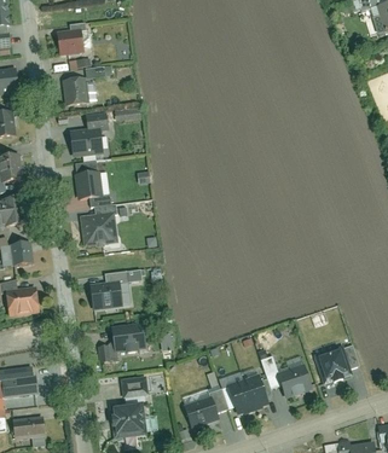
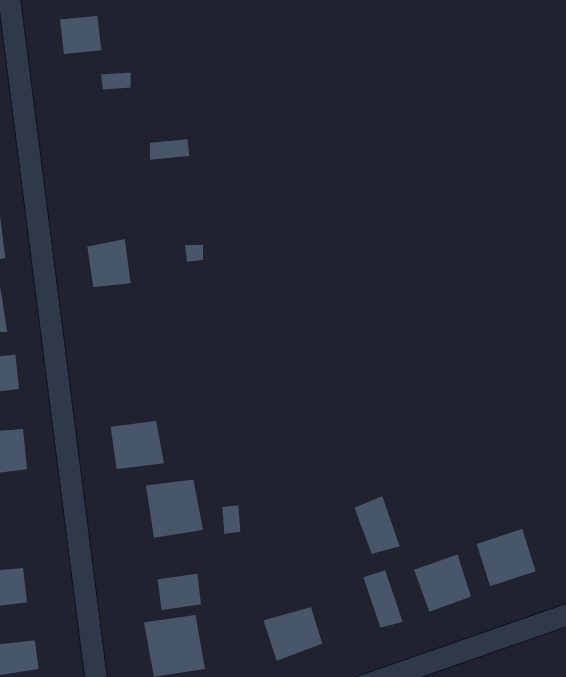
building: [62,79,89,108] -> none
building: [70,114,109,157] -> none
building: [80,207,120,246] -> none
building: [227,377,256,413] -> [353,496,400,554]

